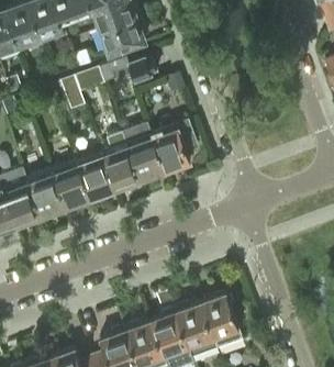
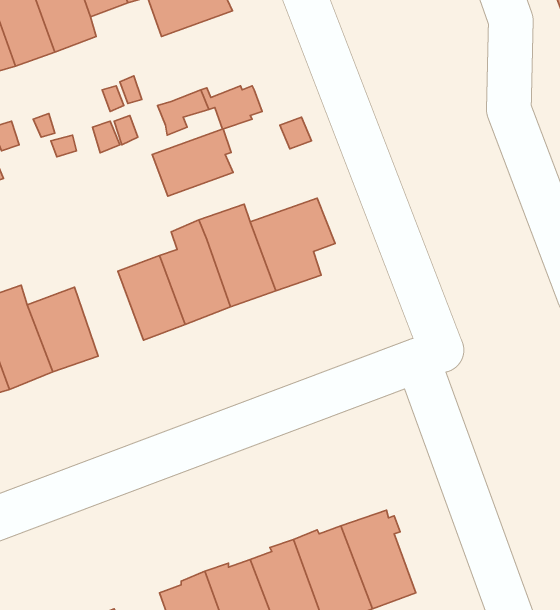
building: [100,15,145,53] -> [152,129,233,196]
building: [52,160,90,208] -> none

